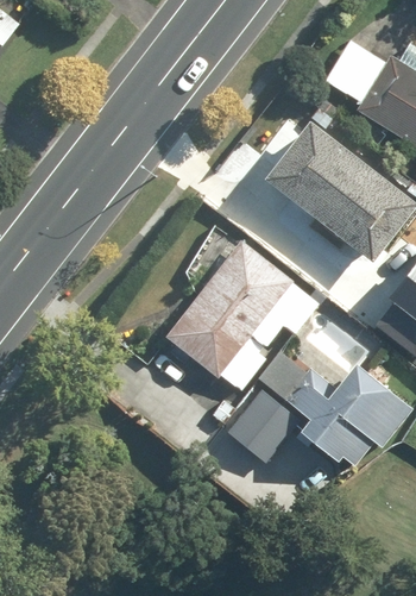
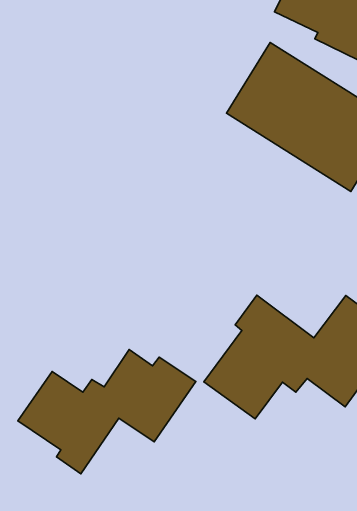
building: [162,240,314,396] -> none
building: none -> [18,350,196,474]

